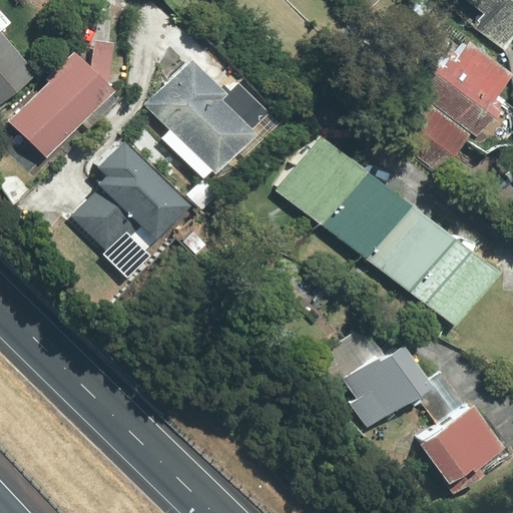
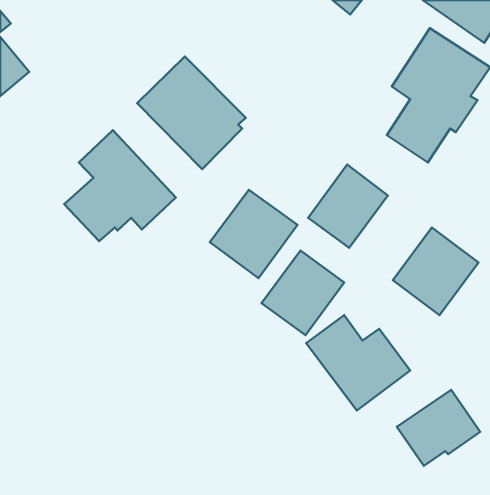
building: [11,57,114,160] -> none
building: [275,135,365,226] -> [210,190,297,278]
building: [367,203,452,291] -> [262,250,344,335]

